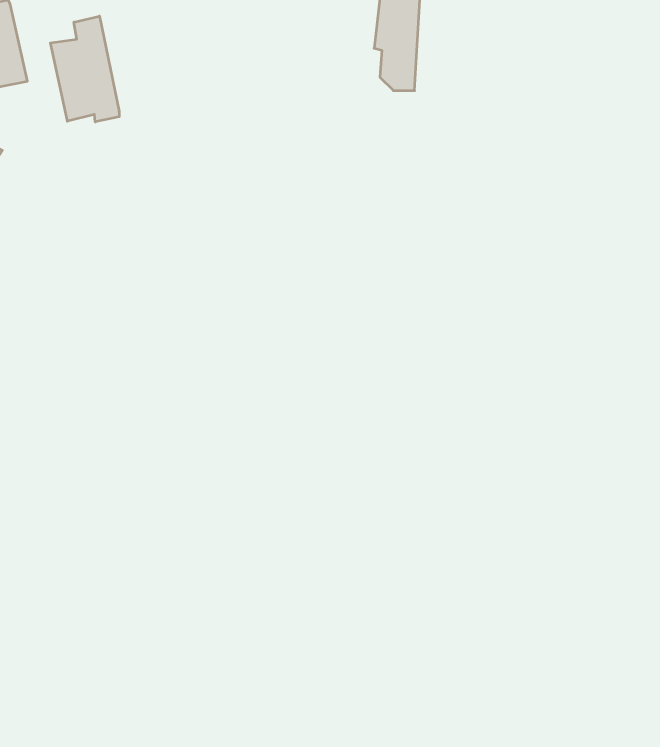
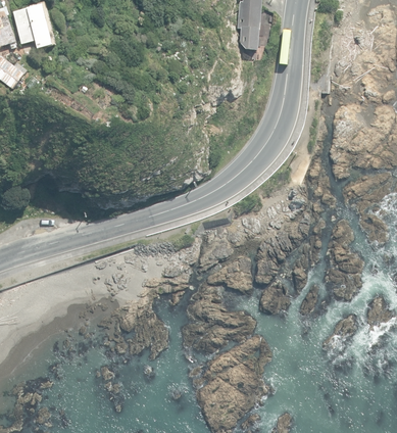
building: [50,16,119,122] -> none

